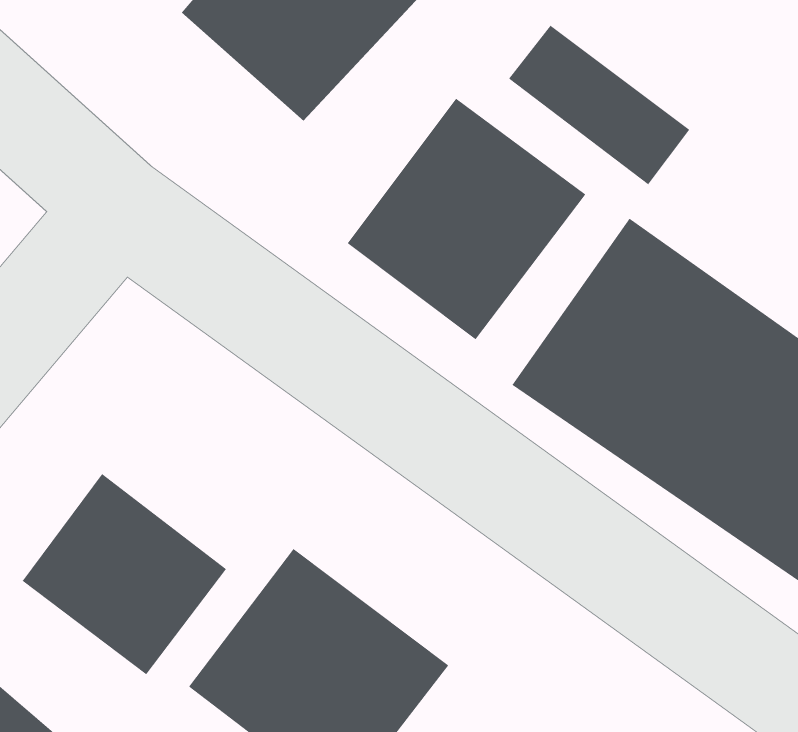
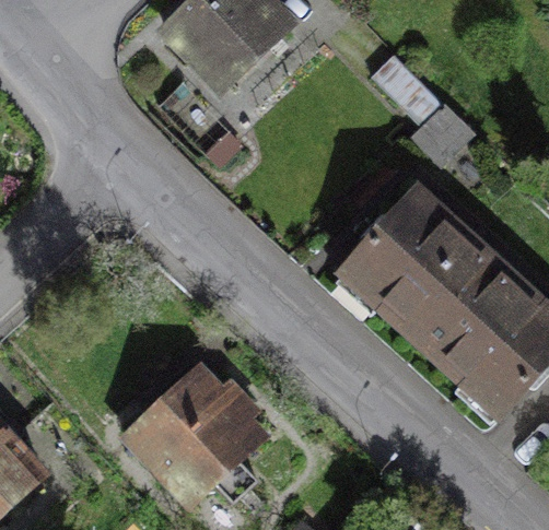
building: [347,98,586,340] -> none
building: [22,473,227,675] -> none

